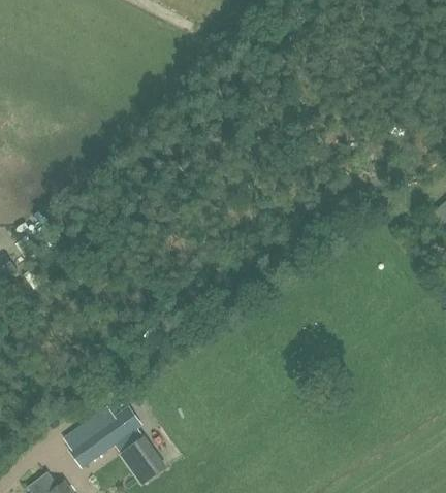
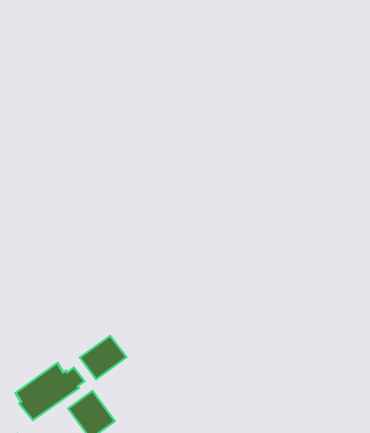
building: none -> [80,336,126,379]

